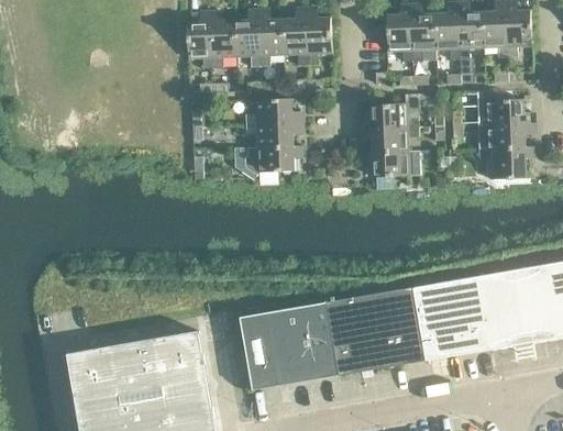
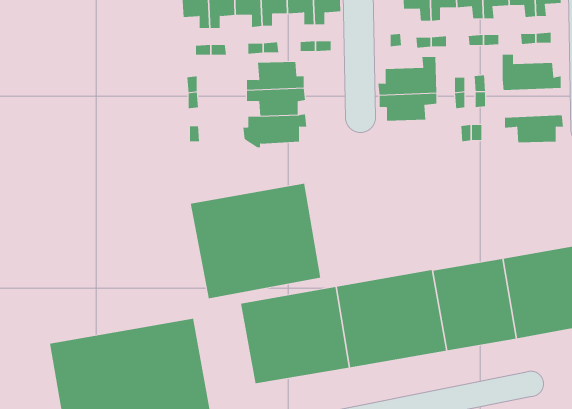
building: [477,122,531,148] -> none
building: [365,150,420,177] -> none
building: none -> [190,183,321,299]

